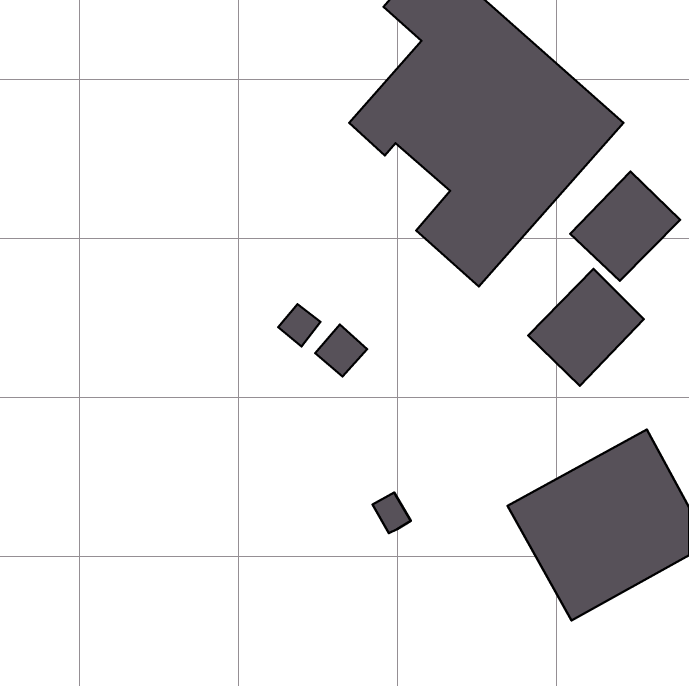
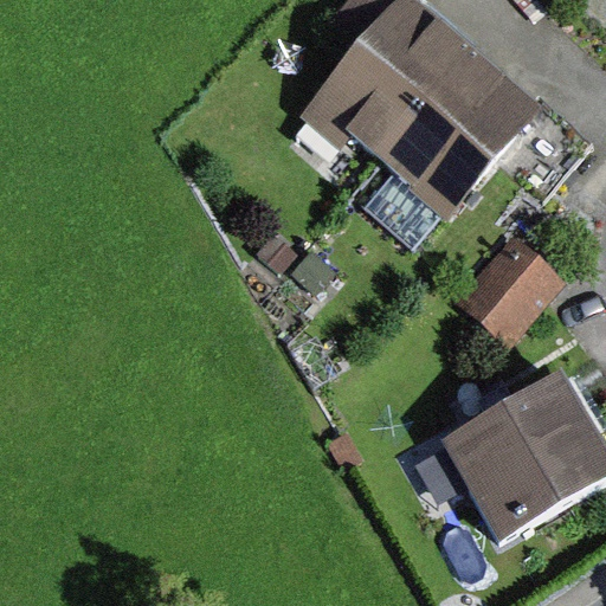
building: [570,172,680,281] -> none

